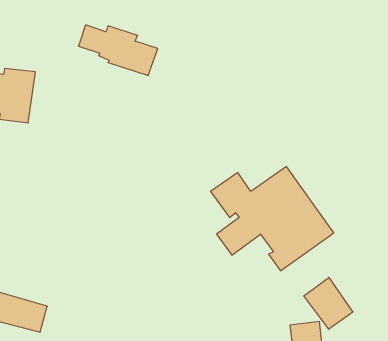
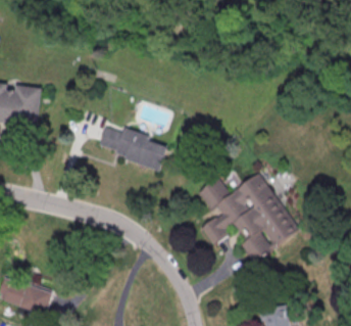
building: [78,25,158,76] -> [98,127,166,171]
building: [304,277,353,329] -> none

